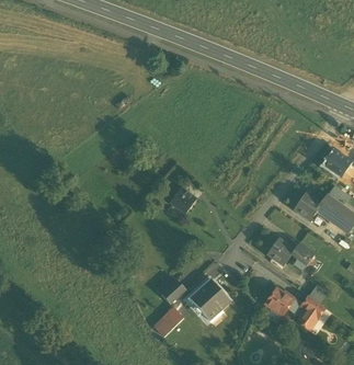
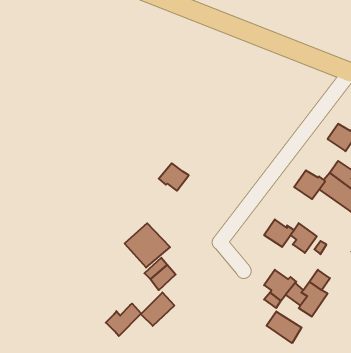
building: [190,280,231,320] -> [125,223,170,268]
building: none -> [106,304,141,336]
building: none -> [267,311,302,343]

